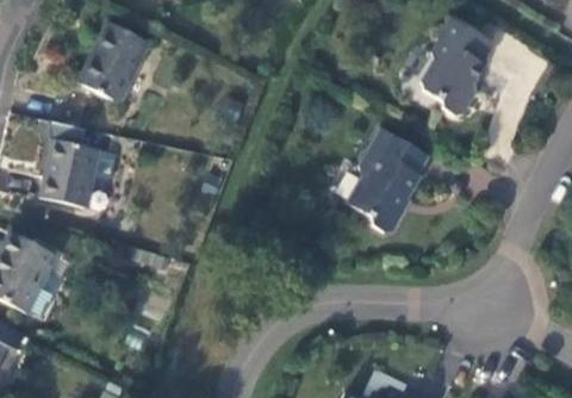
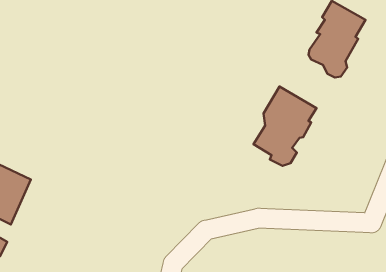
building: [81,23,151,102] -> none
building: [42,139,102,207] -> none

